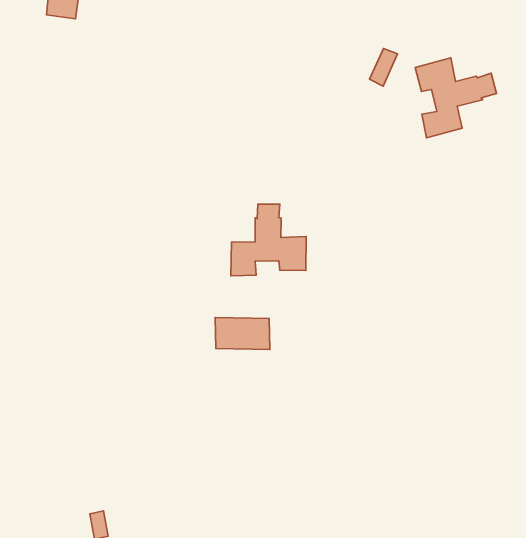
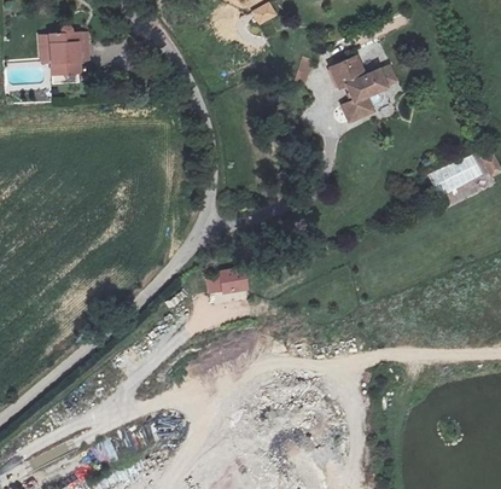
building: [231,204,306,276] -> none

